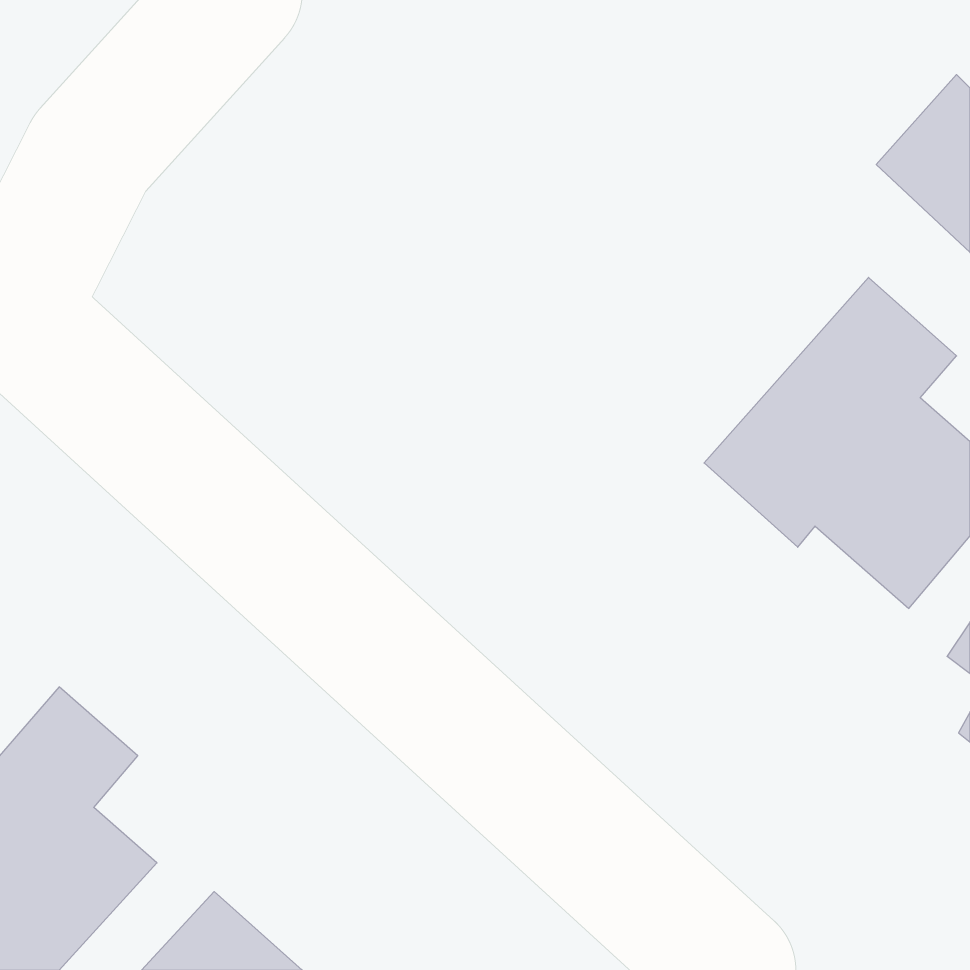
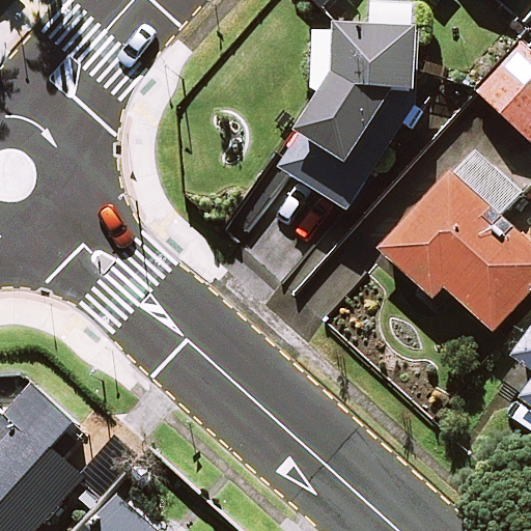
building: none -> [280,26,421,212]

